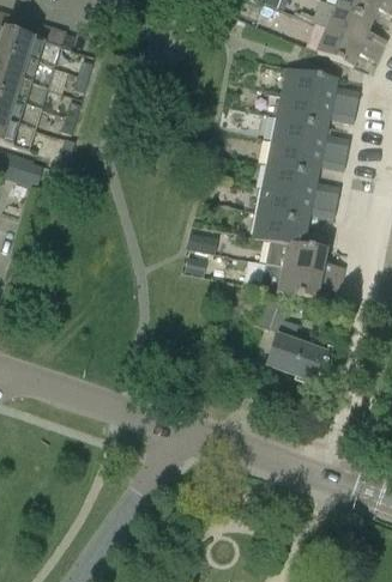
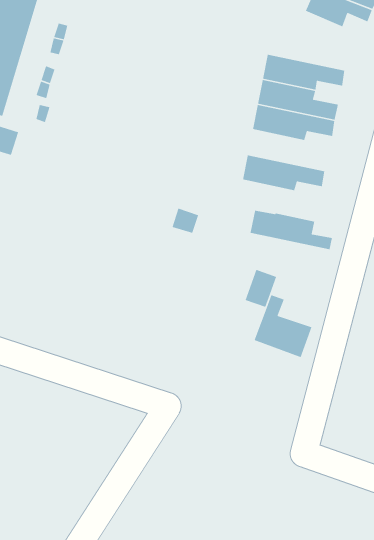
building: [281,67,358,107] -> none
building: [261,163,339,202] -> none
building: [252,211,330,250] -> none
building: [261,262,340,299] -> none

